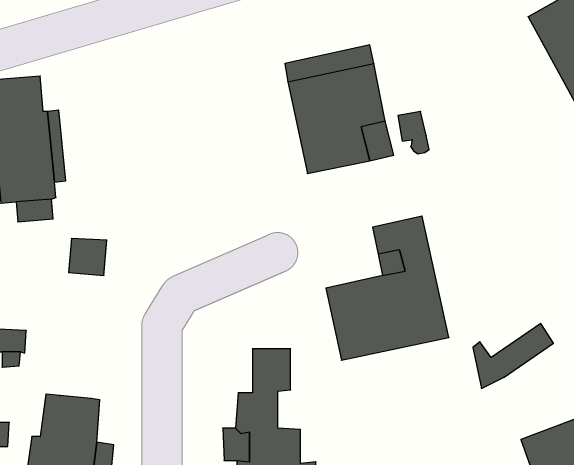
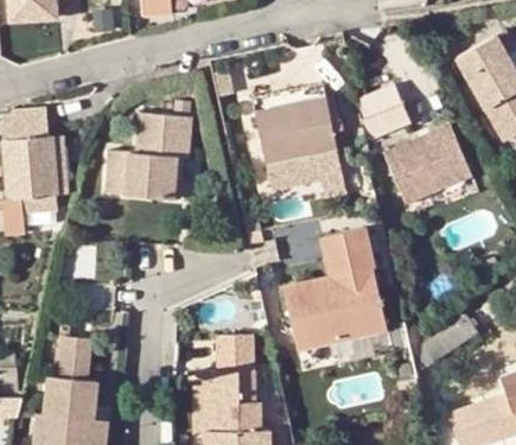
building: none -> [356,85,412,138]
building: none -> [104,112,189,196]
building: none -> [391,122,476,199]
building: none -> [62,337,91,380]

